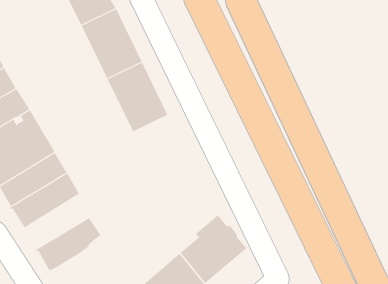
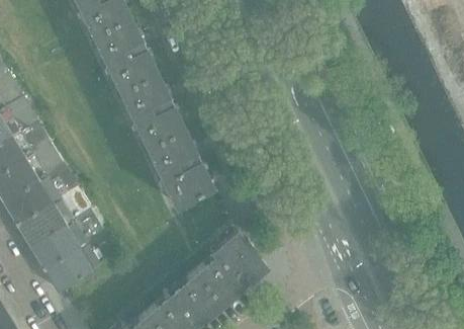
building: none -> [146,128,211,207]
building: none -> [31,211,104,270]

